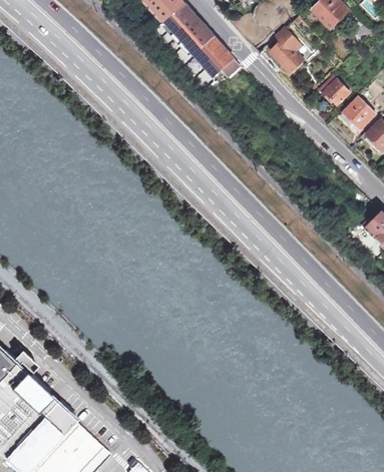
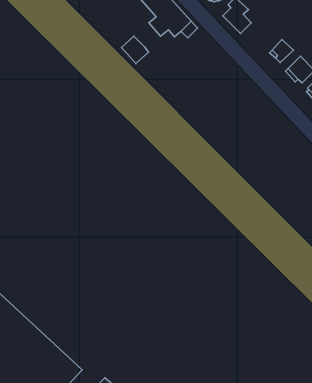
building: none -> [121,36,148,63]

